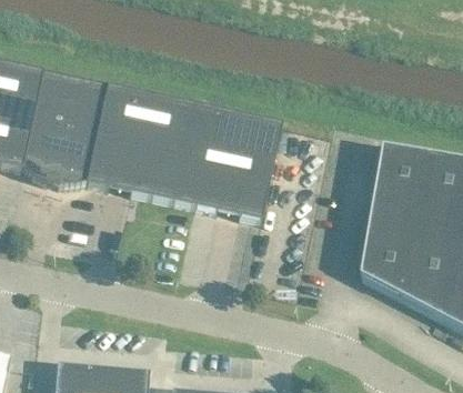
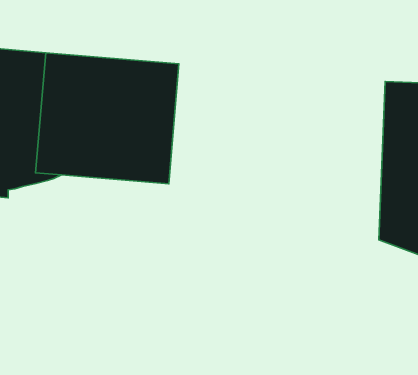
building: [194,107,281,219] -> none

